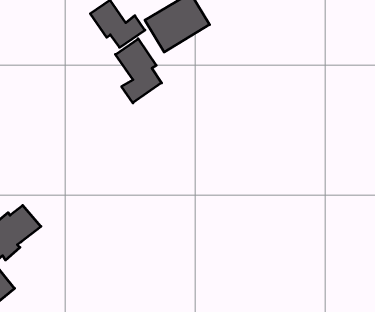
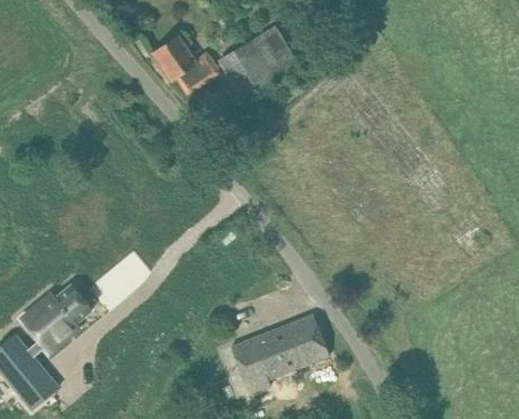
building: [115,39,162,103] -> none
building: none -> [230,313,329,393]

